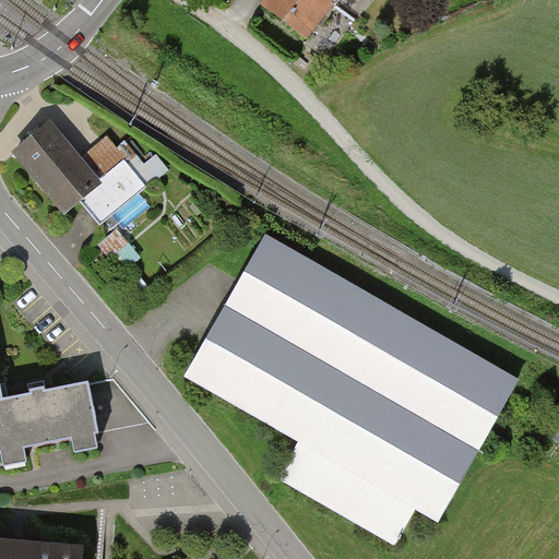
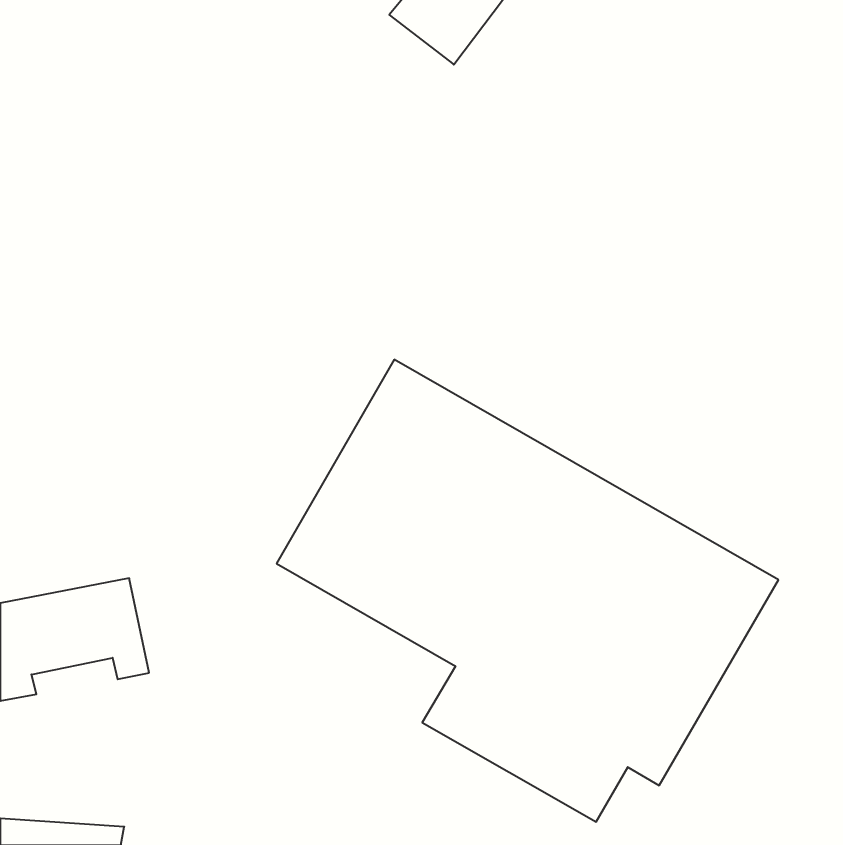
building: [11,119,173,222] -> none

